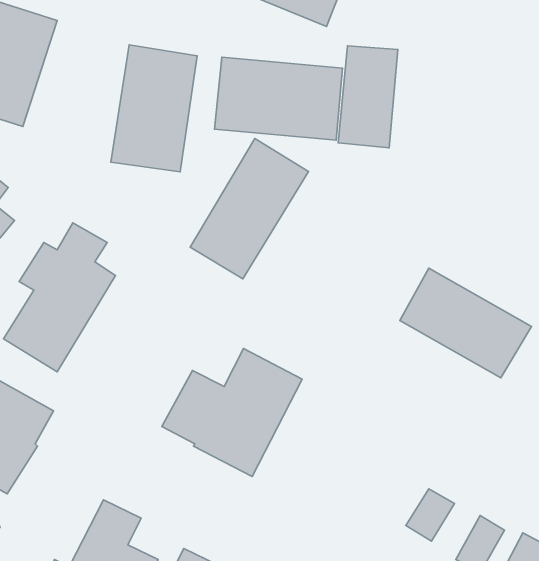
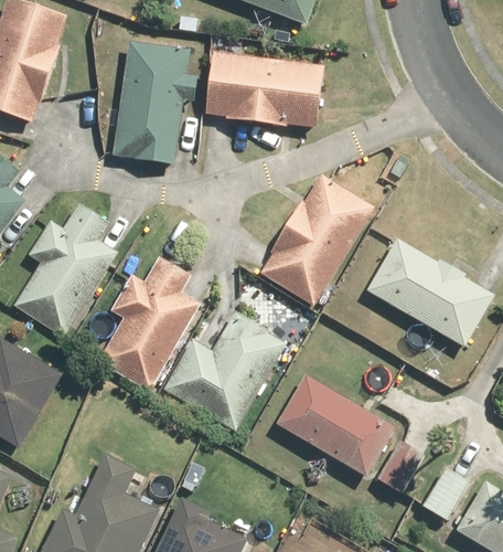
building: [338,46,398,148] -> none
building: [190,138,309,279] -> [261,174,368,301]
building: none -> [103,257,191,384]
building: none -> [279,378,394,475]

